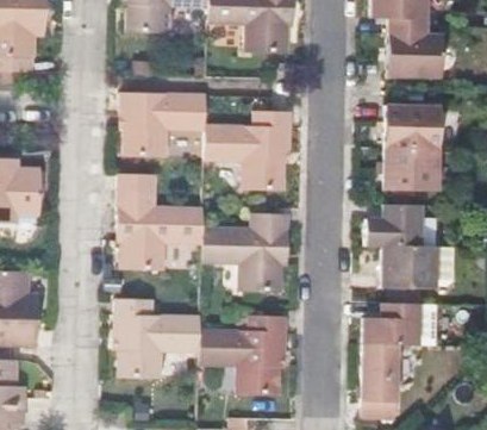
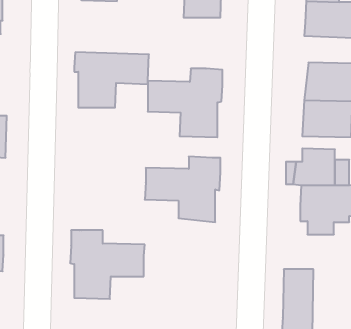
building: [117,191,204,269] -> none
building: [363,303,422,345] -> none
building: [200,317,287,395] -> none

